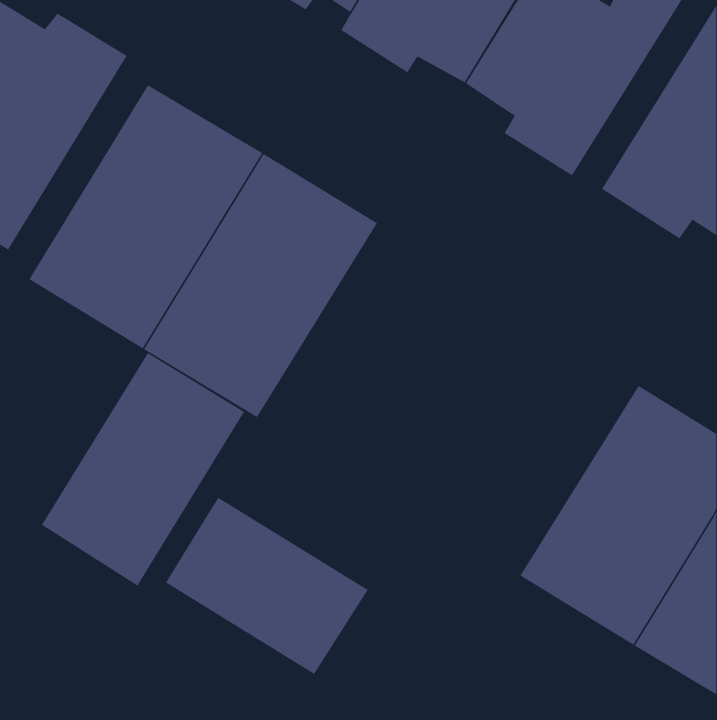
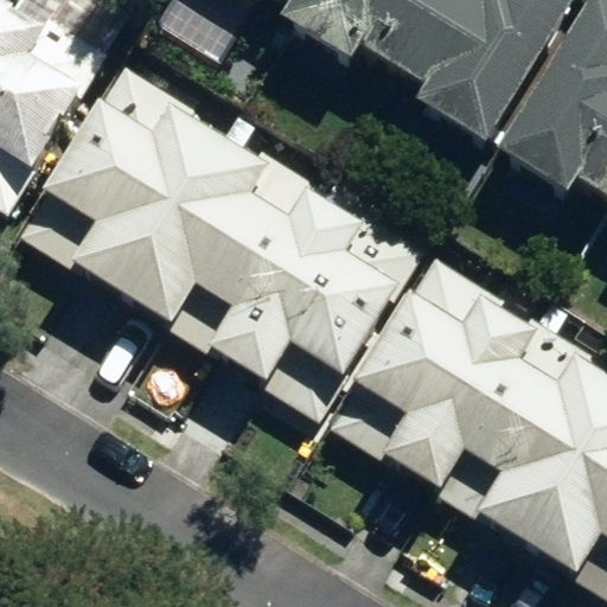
building: none -> [213,185,414,410]
building: none -> [336,260,529,477]
building: [41,352,245,586] -> none
building: [165,497,369,675] -> none

